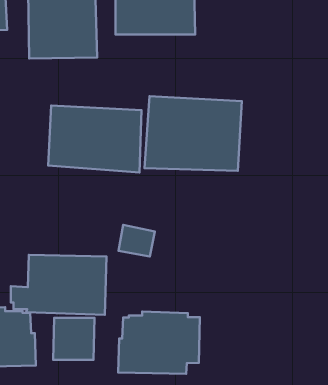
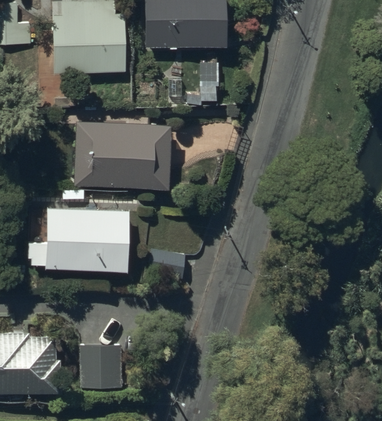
building: [144,96,242,171] -> none
building: [11,255,107,315] -> [28,209,128,272]
building: [118,311,200,374] -> none

